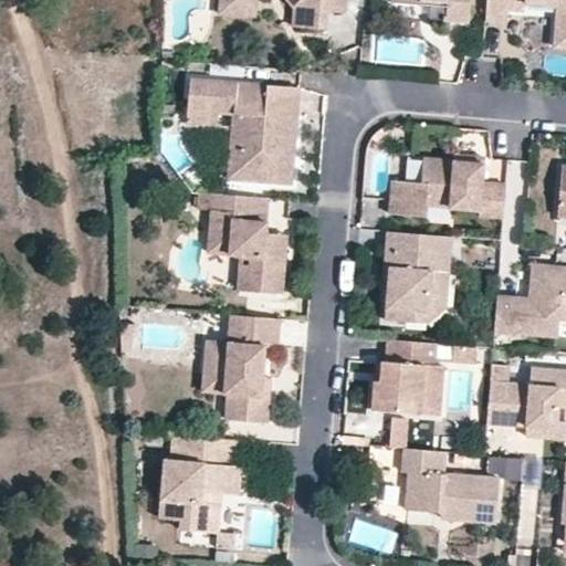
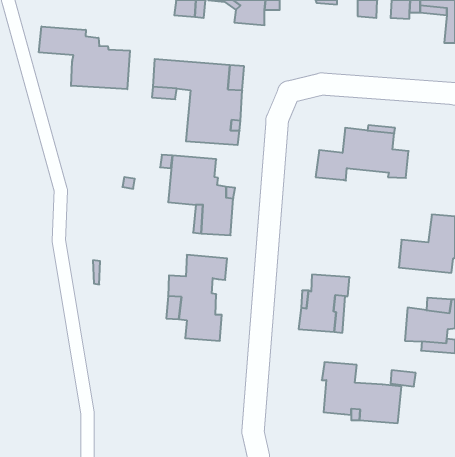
building: none -> [39,26,130,89]
building: [384,231,451,321] -> none
building: [163,436,243,533] -> none

